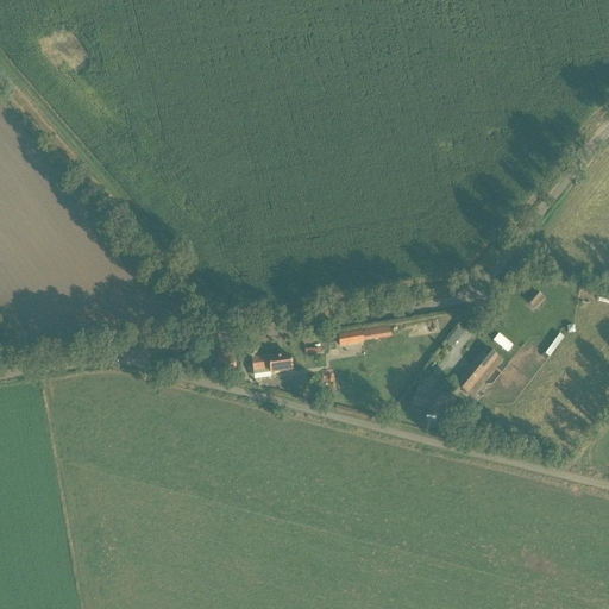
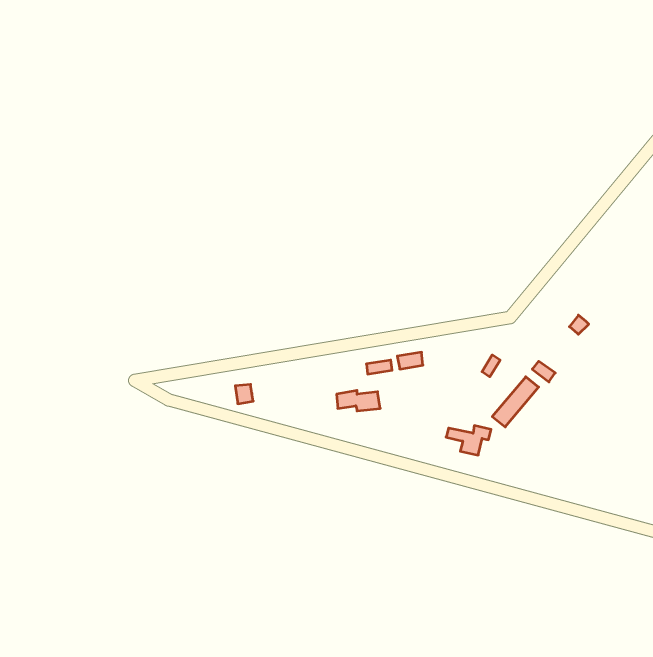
building: [256,356,296,375] -> [337,390,380,411]

